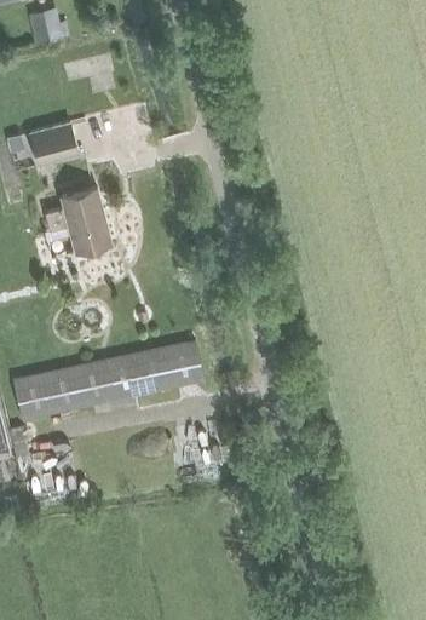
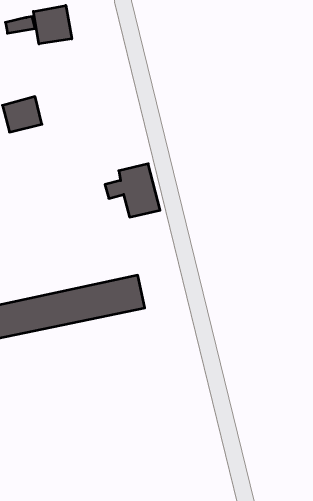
building: none -> [33,5,72,44]
building: [42,188,110,253] -> [105,164,160,217]

